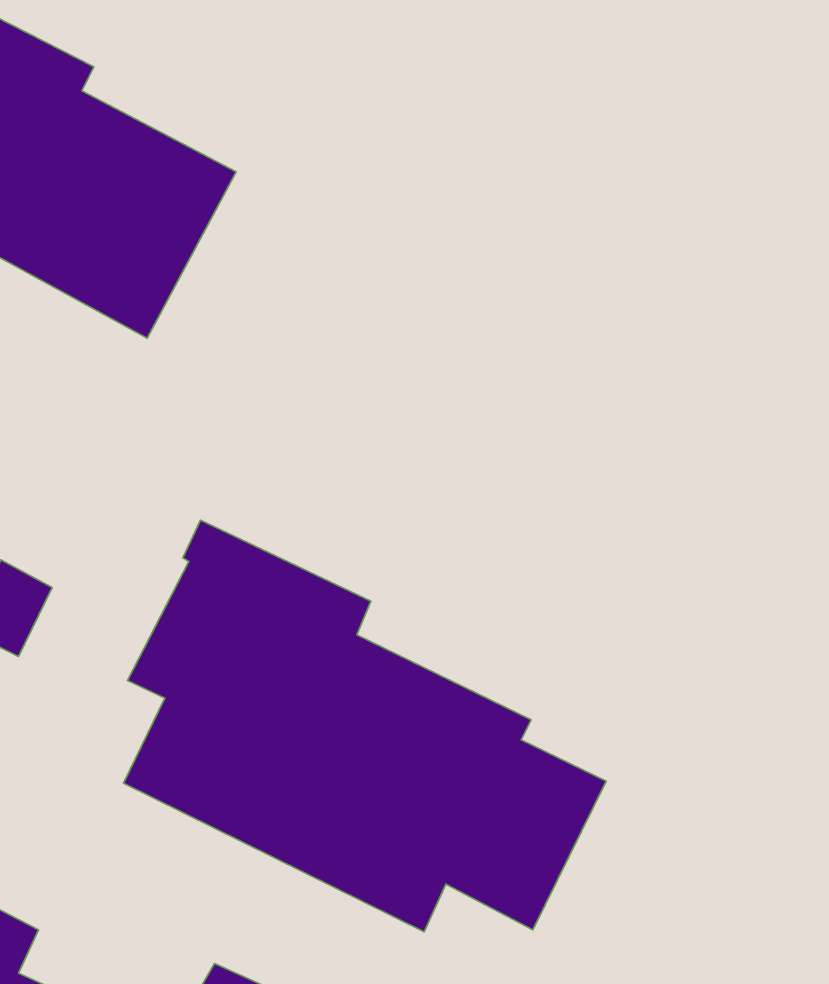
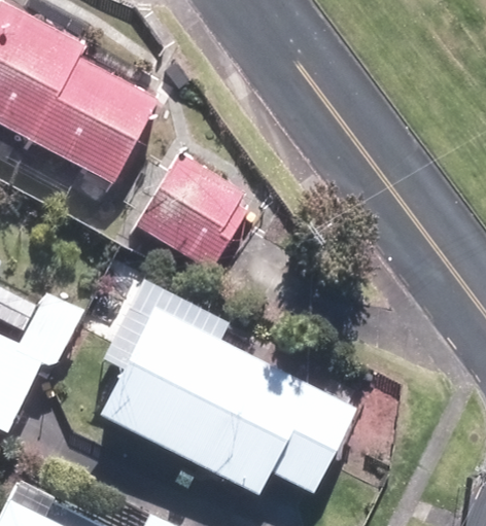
building: none -> [136,148,250,270]

